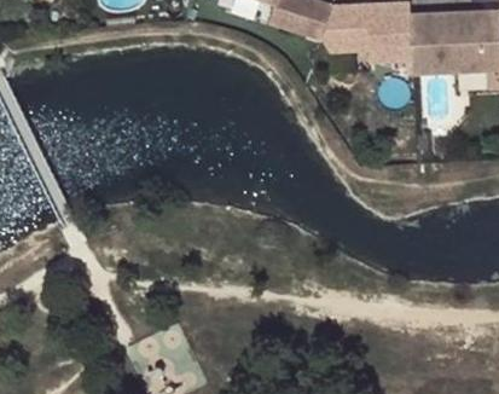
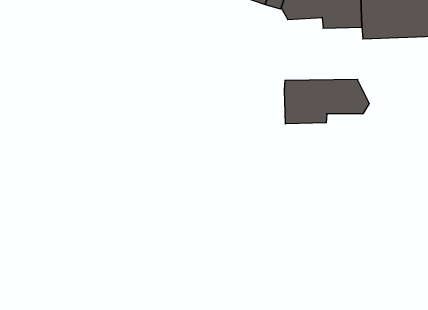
building: none -> [285,79,369,124]

